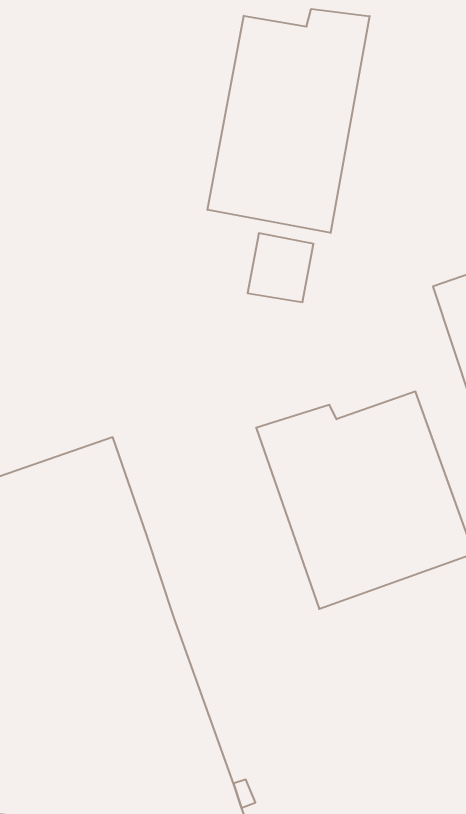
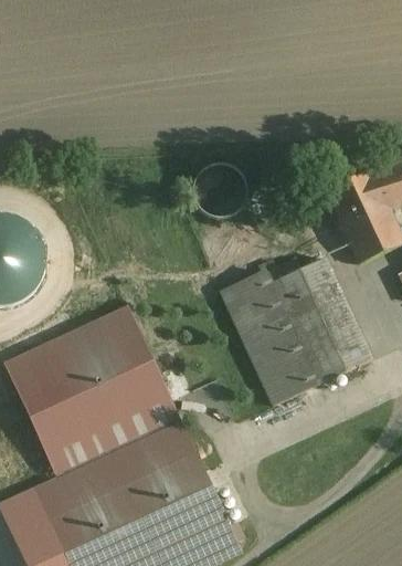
building: [208,9,370,233] -> none

